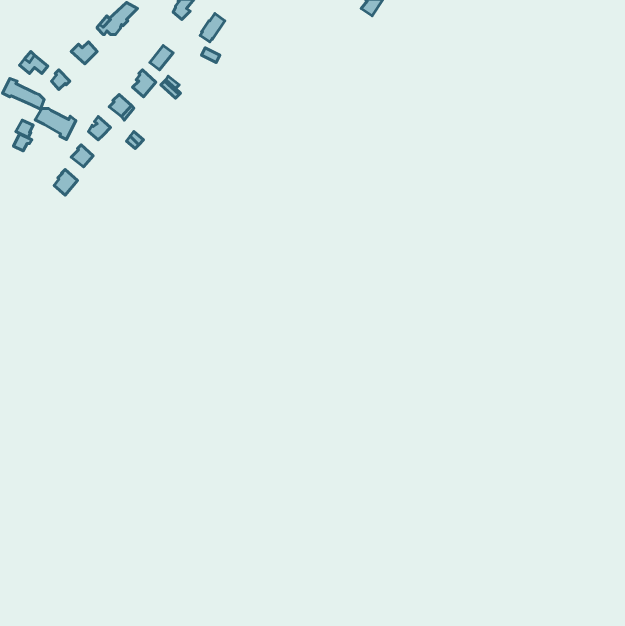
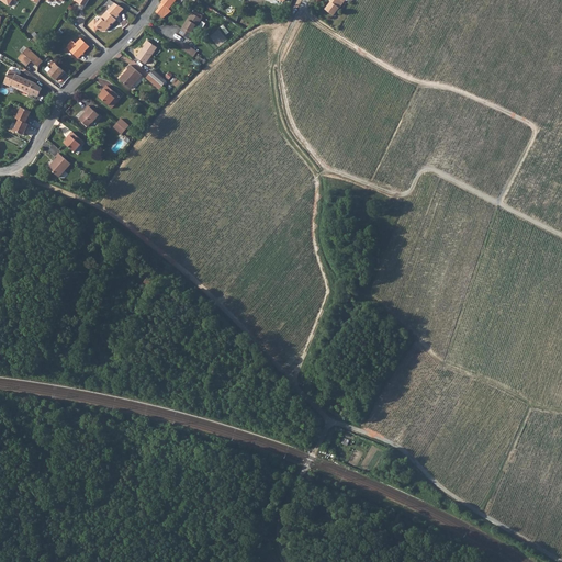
building: [35,108,76,139] -> none

